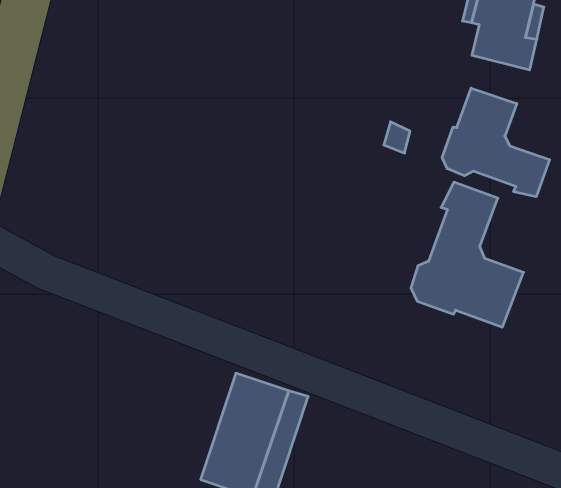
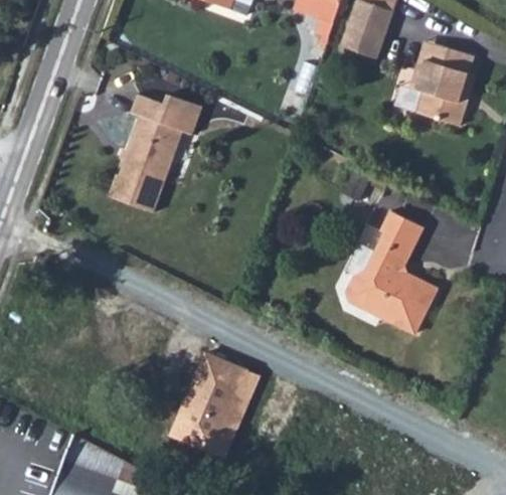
building: none -> [107,94,199,213]
building: [442,88,550,197] -> none

